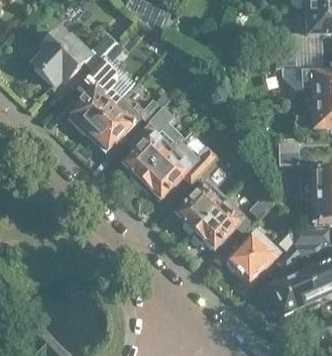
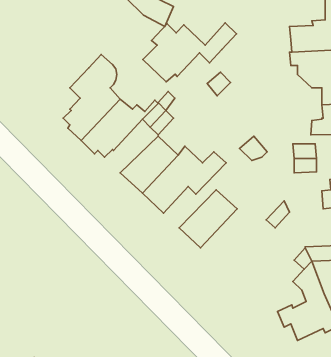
building: [32,32,117,86] -> [143,23,236,82]
building: [194,196,246,250] -> none
building: [226,228,281,283] -> none

